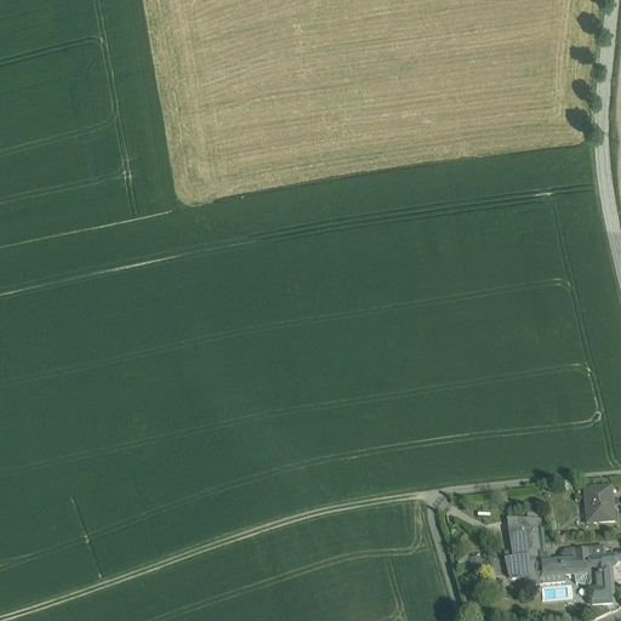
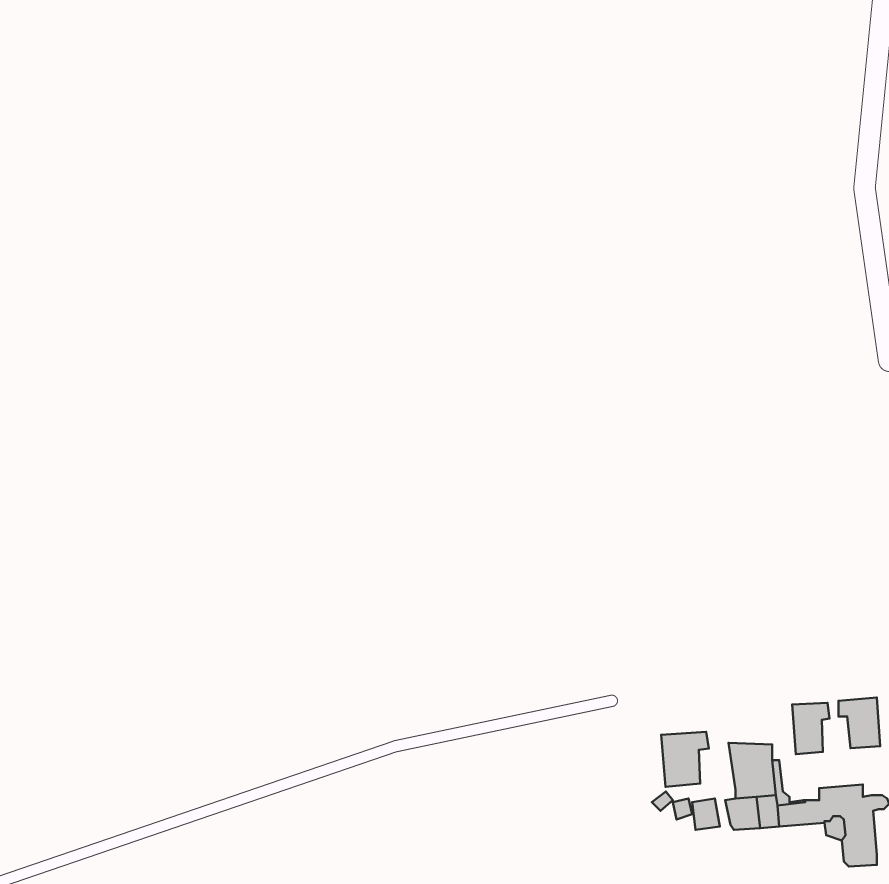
building: none -> [792,703,830,754]
building: none -> [661,732,709,787]

